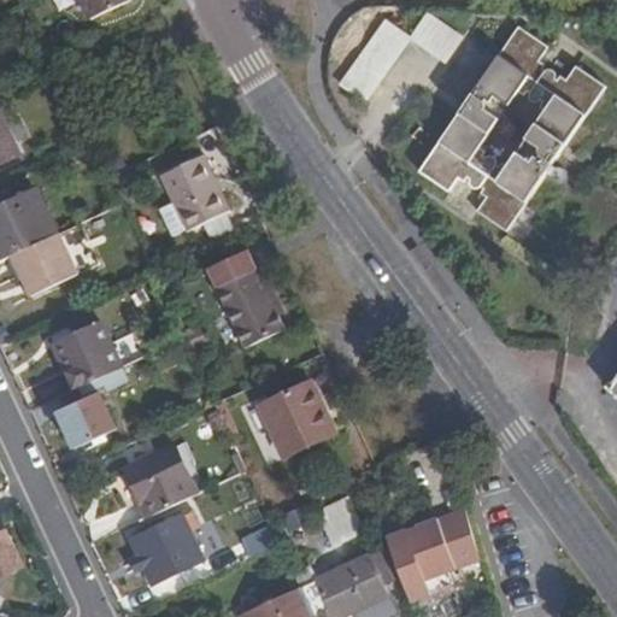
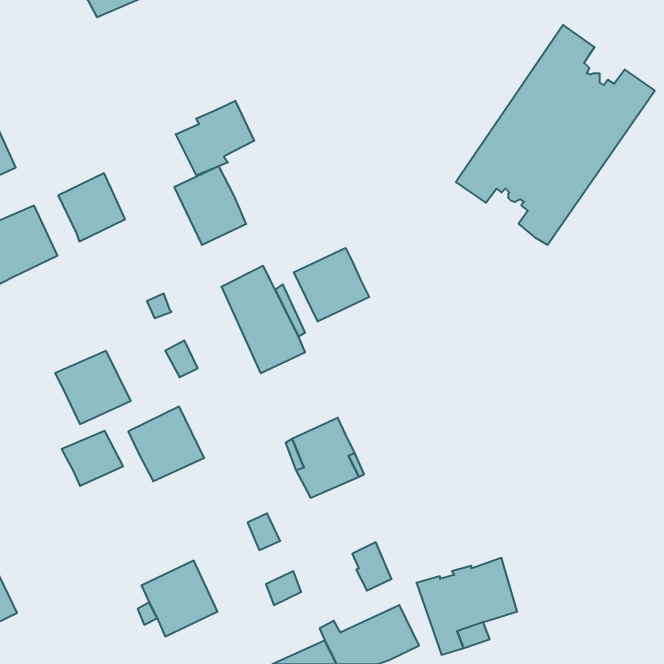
building: [341,10,457,101] -> none
building: none -> [176,101,254,176]
building: none -> [294,248,369,321]
building: [11,235,72,298] -> [58,173,125,241]
building: [127,448,196,517] -> [128,407,204,481]

